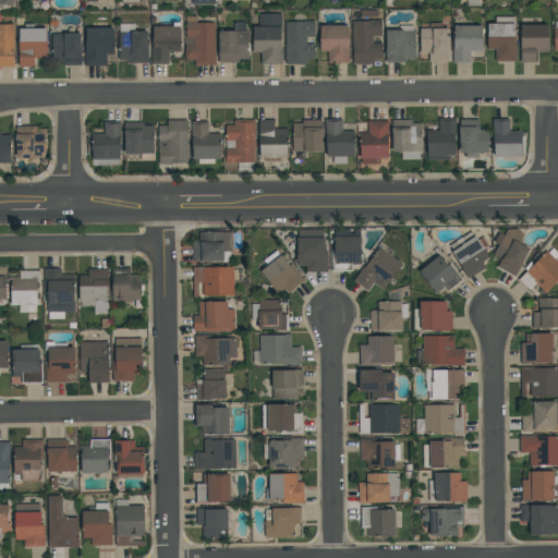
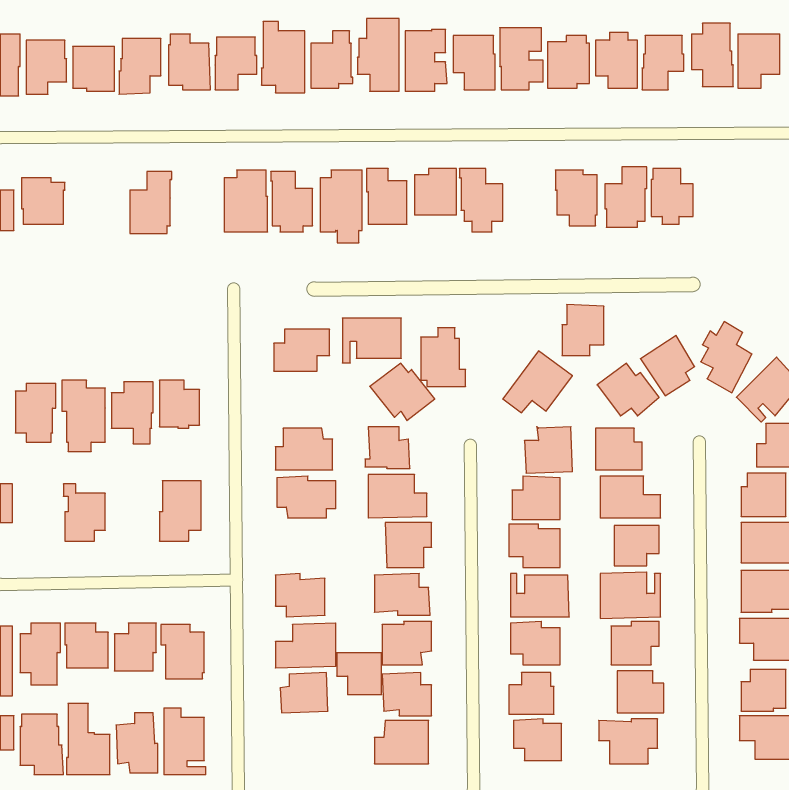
building: [493,118,522,155] -> none
building: [361,120,389,163] -> none
building: [124,122,154,160] -> none
building: [333,236,363,272] -> [562,305,604,356]
building: [194,267,235,299] -> [342,318,401,363]
building: [81,342,109,383] -> none
building: [13,344,43,384] -> none
building: [197,369,233,400] -> none
building: [197,509,229,538] -> [337,653,382,695]

